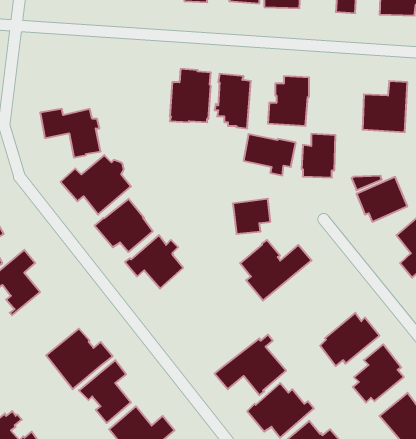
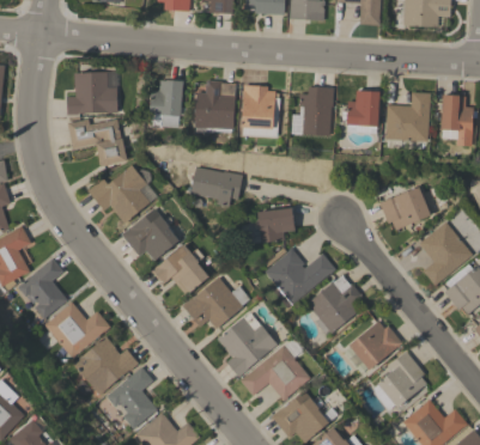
building: none -> [66,71,117,114]
building: none -> [148,79,187,127]
building: [302,134,336,178] -> [346,90,379,133]
building: [244,134,296,175] -> [190,166,242,207]
building: none -> [306,275,361,334]
building: none -> [182,276,249,328]
building: none -> [44,300,110,358]
building: none -> [217,312,277,377]

